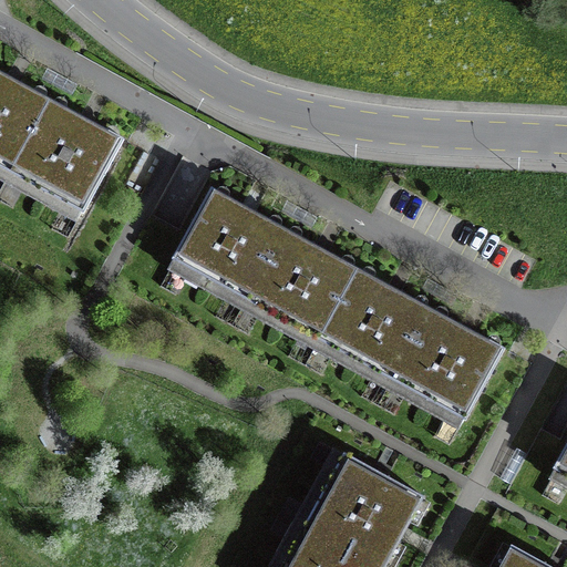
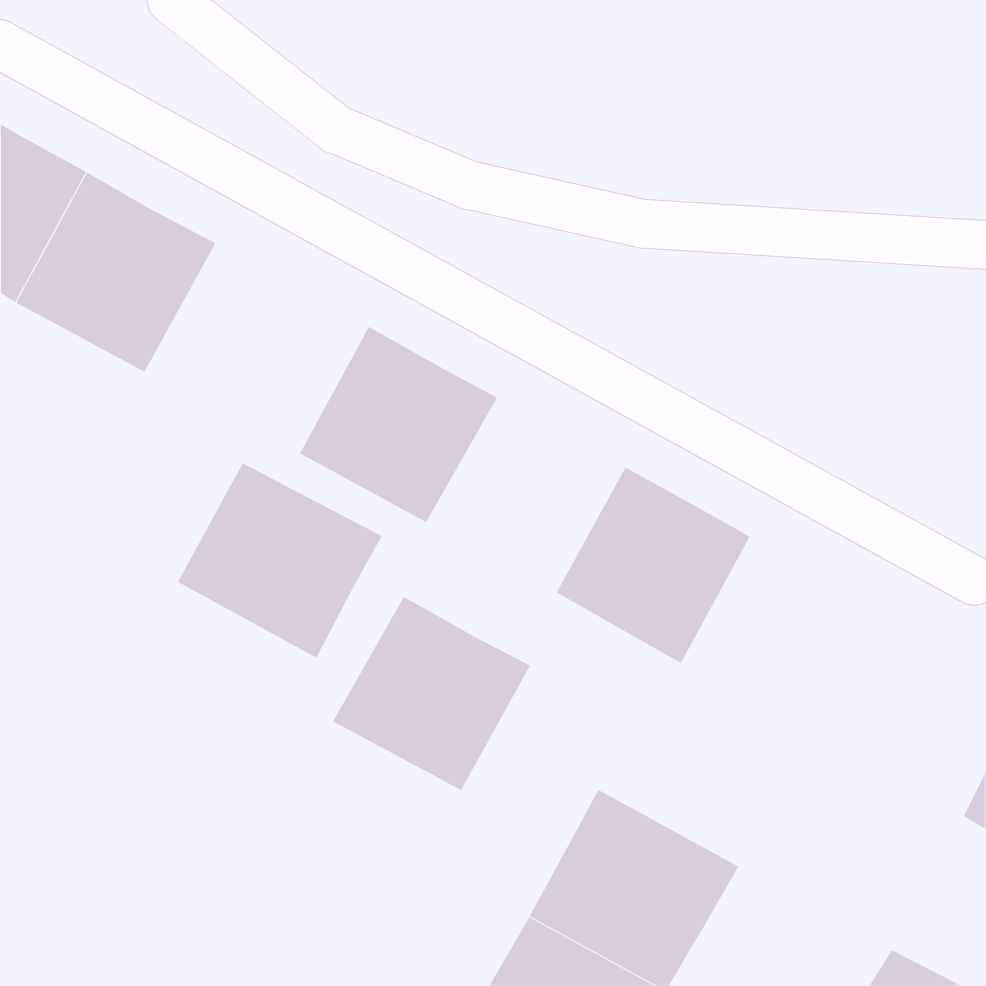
building: [245,228,359,340] -> [332,596,531,791]
building: none -> [177,462,382,658]
building: [391,308,505,421] -> none

